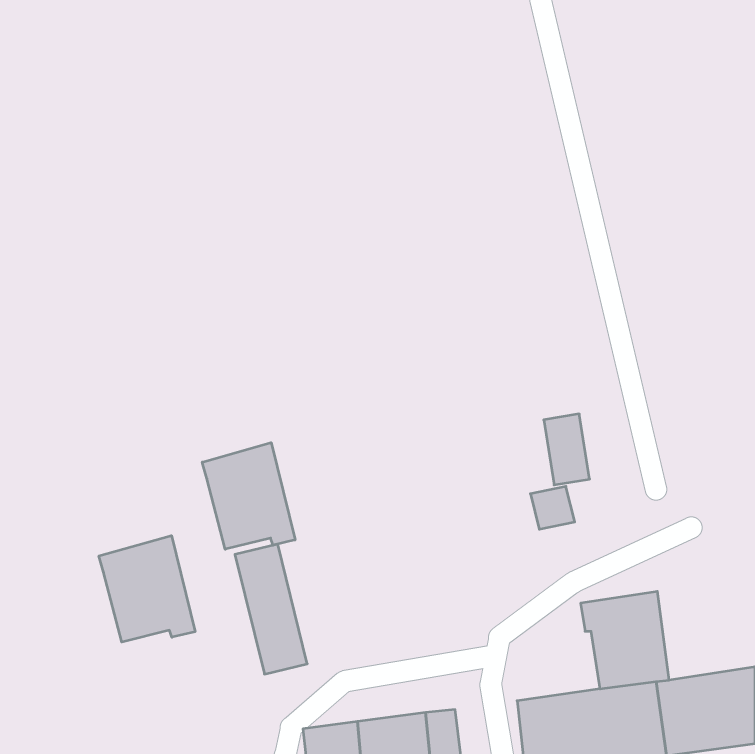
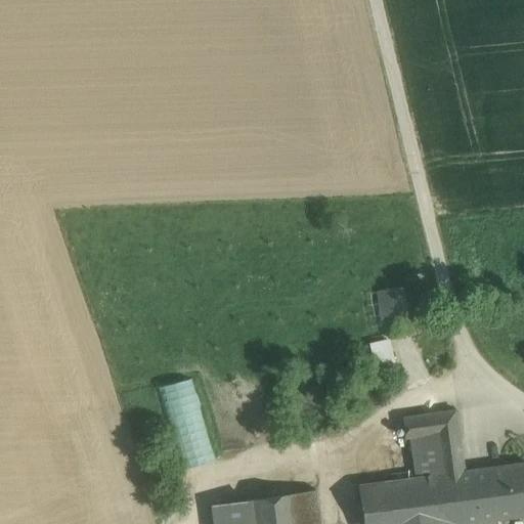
building: [202,443,295,549] -> none
building: [99,536,195,642] -> none

